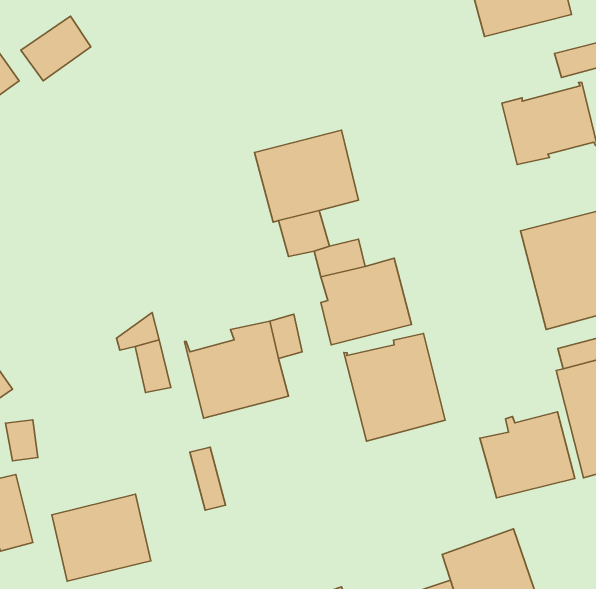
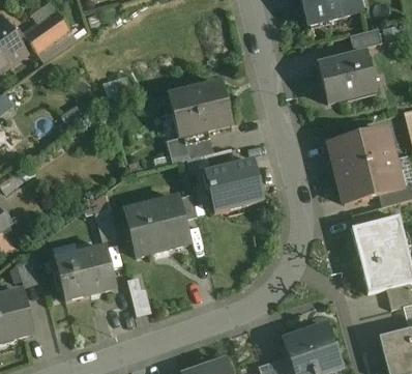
building: [344,333,445,441] -> none
building: [480,412,575,498] -> none
building: [52,494,151,581] -> [55,247,115,299]

